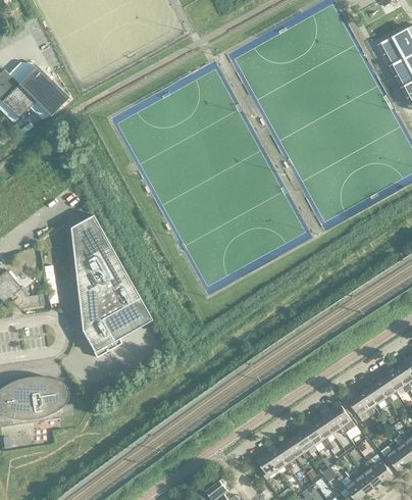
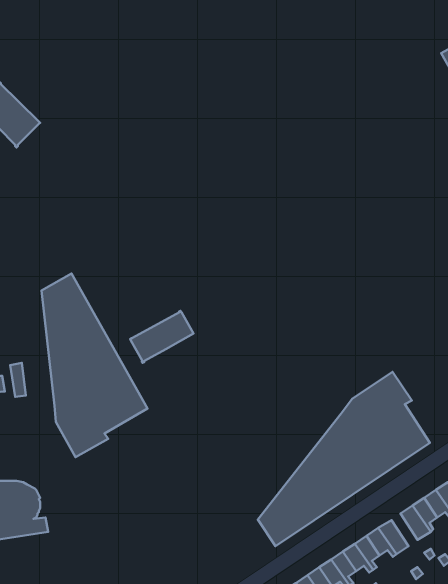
building: none -> [130,311,193,363]
building: none -> [258,372,430,546]

